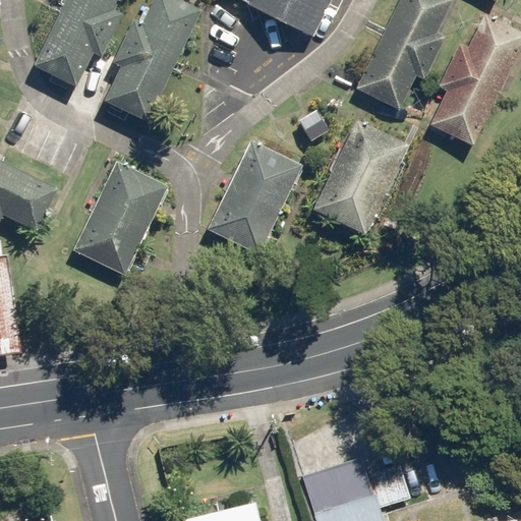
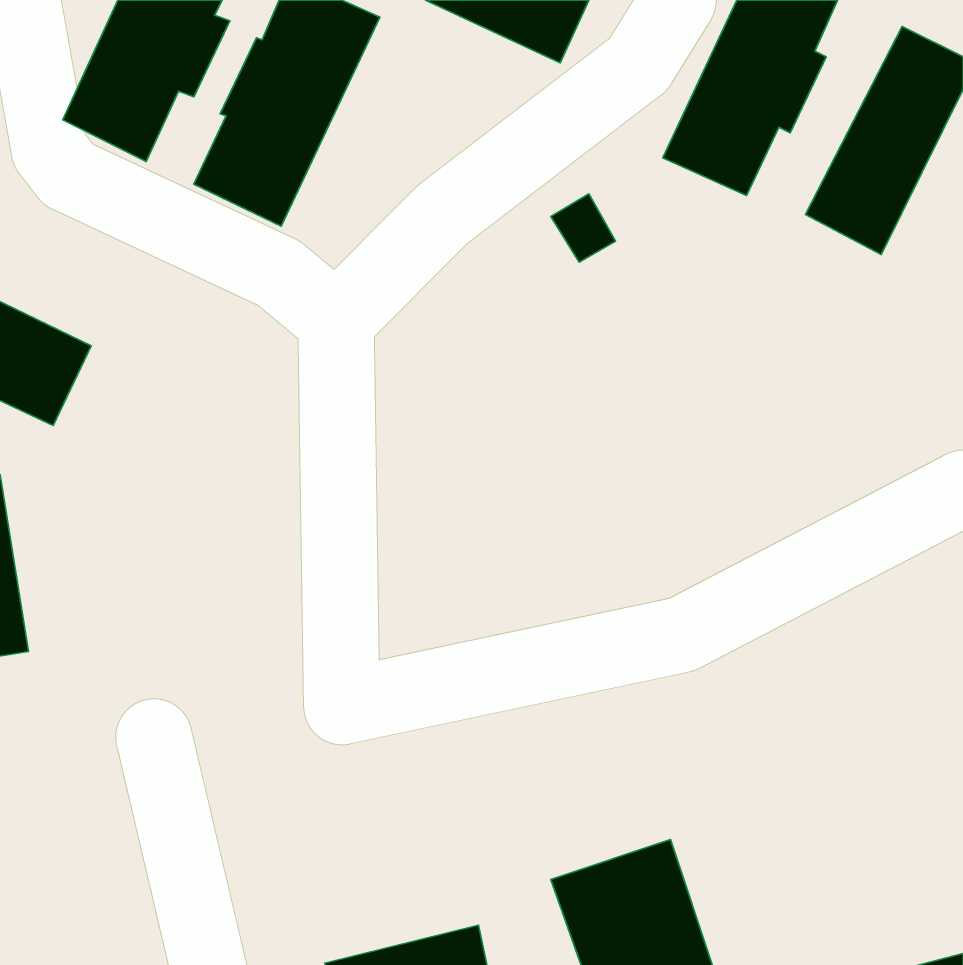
building: [314,119,409,233] -> none
building: [209,139,305,253] -> none
building: [73,161,169,277] -> none

